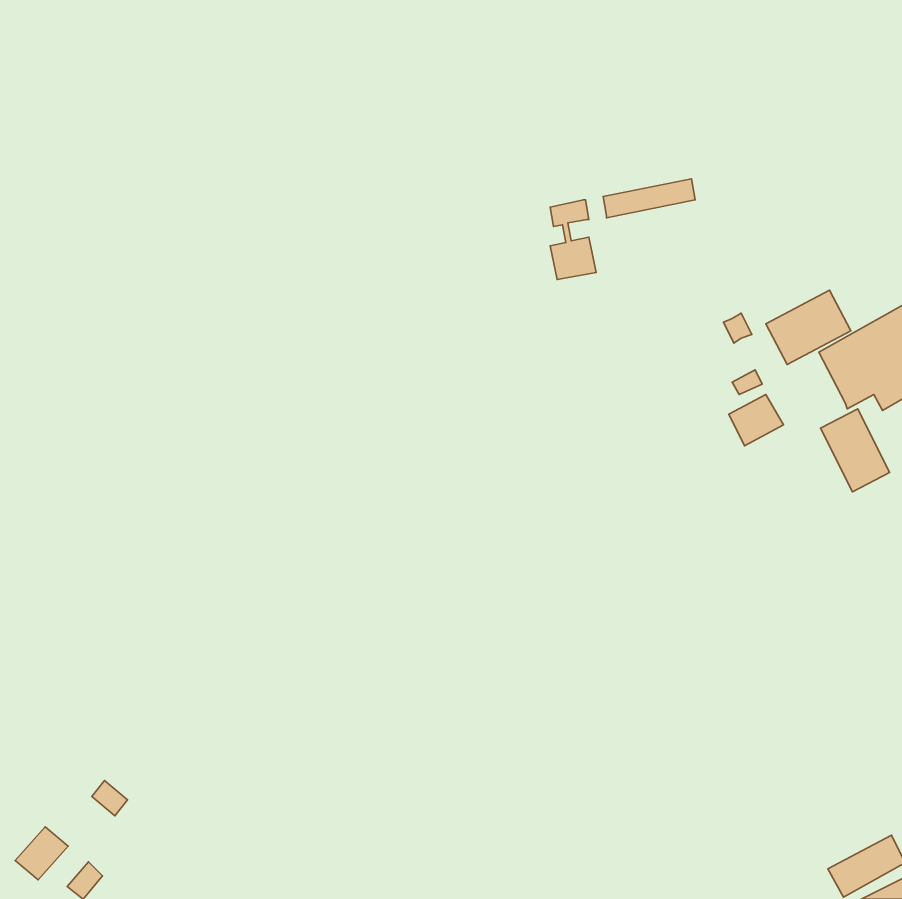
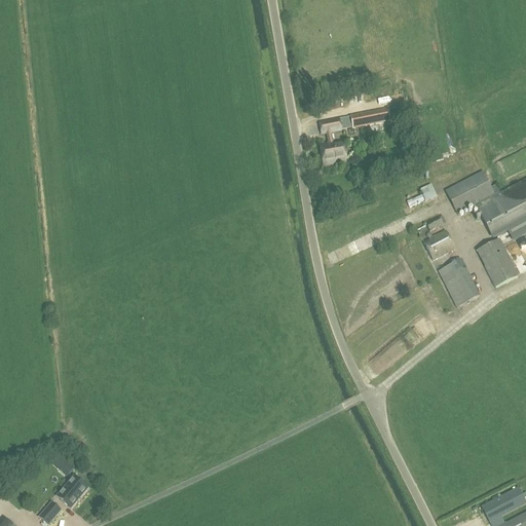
building: none -> [440,258,480,305]
building: [15,827,68,880] -> [58,475,88,505]

